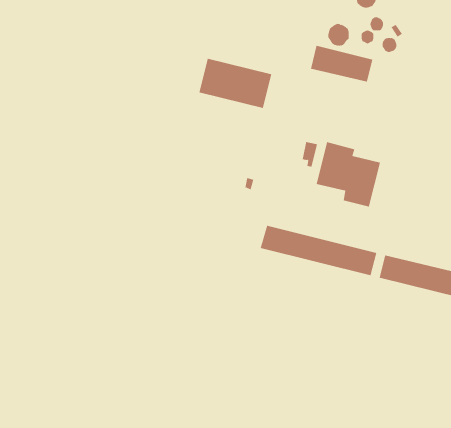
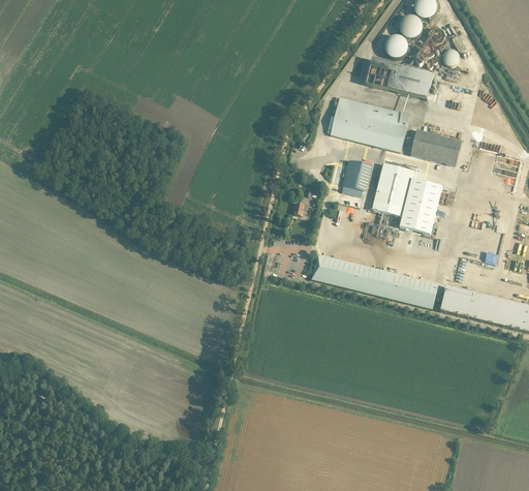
building: none -> [399,16,422,39]
building: [199,58,272,109] -> [330,96,409,151]
building: none -> [410,128,461,165]
building: none -> [341,159,362,195]

